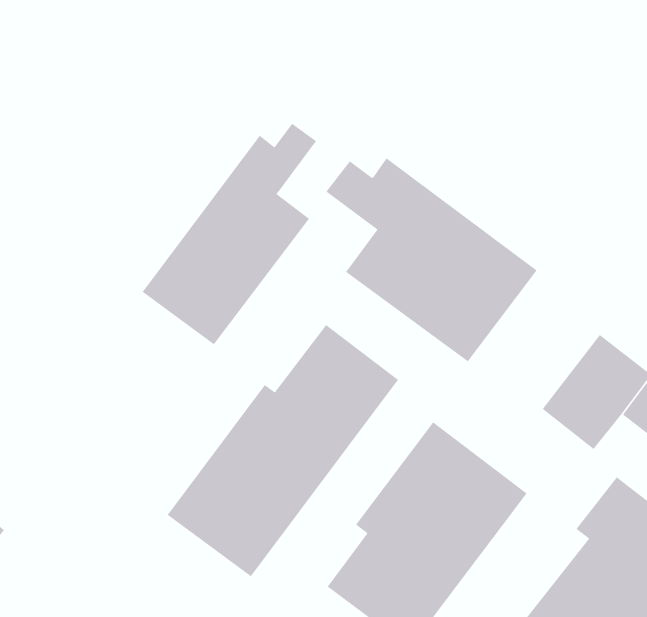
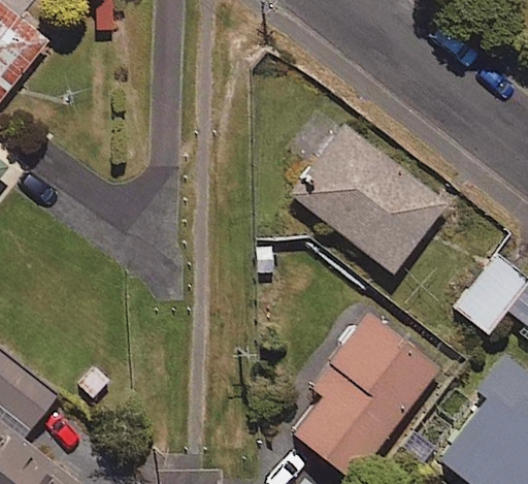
building: [142,123,317,345] -> none
building: [167,324,399,577] -> none

